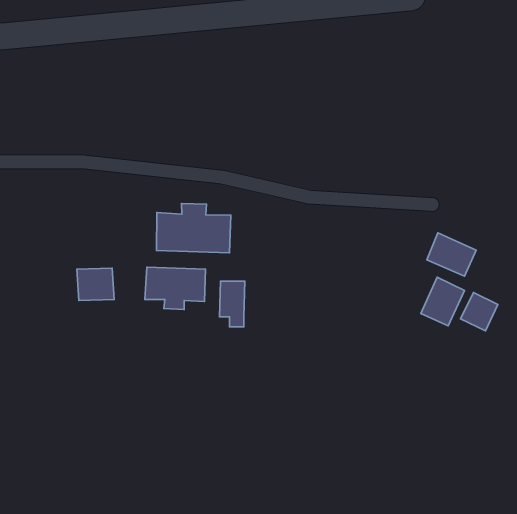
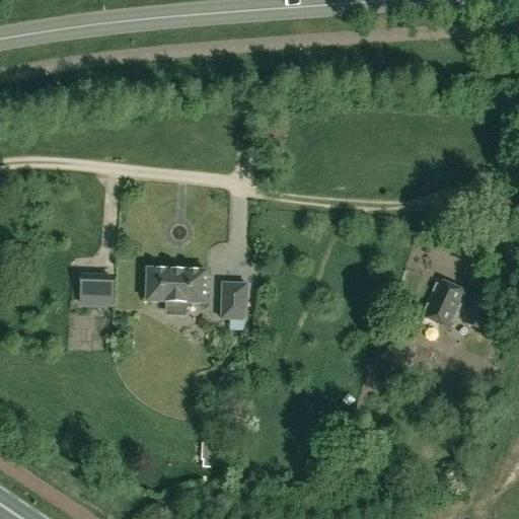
building: [157,204,231,253] -> none
building: [427,233,476,276] -> none

